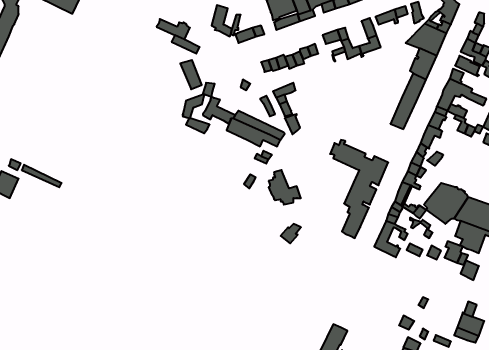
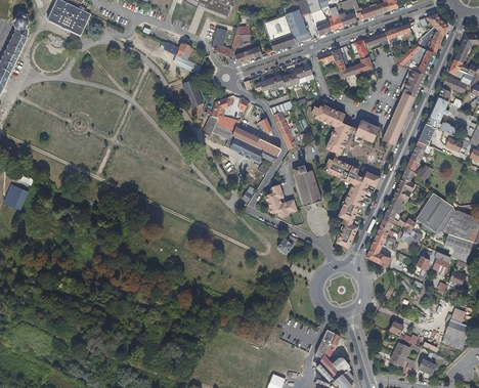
building: none -> [310,104,379,154]
building: [183,94,210,133] -> [214,94,239,131]
building: none -> [293,164,321,205]

